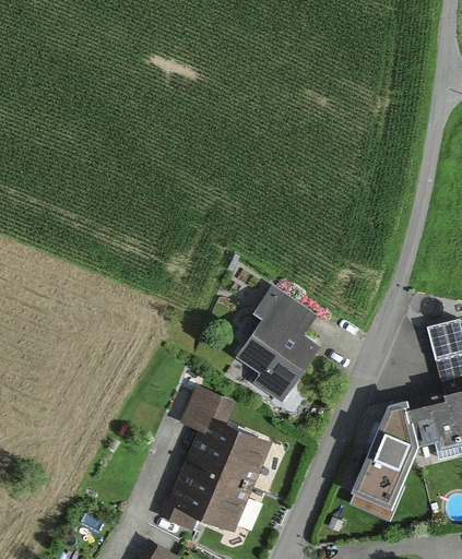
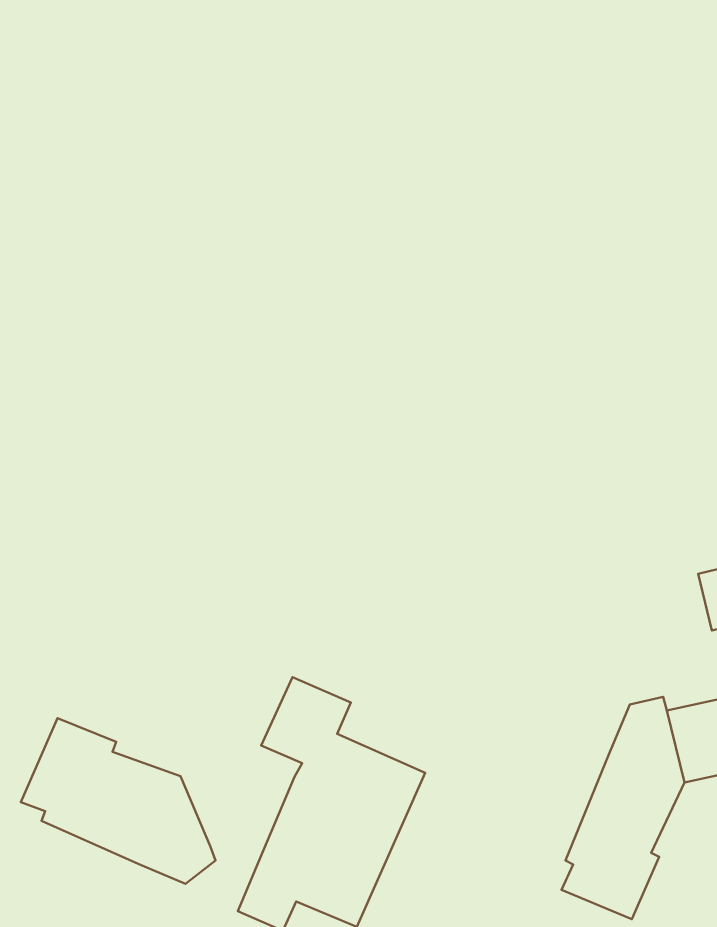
building: [235,287,321,406] -> none
building: none -> [21,718,216,884]

